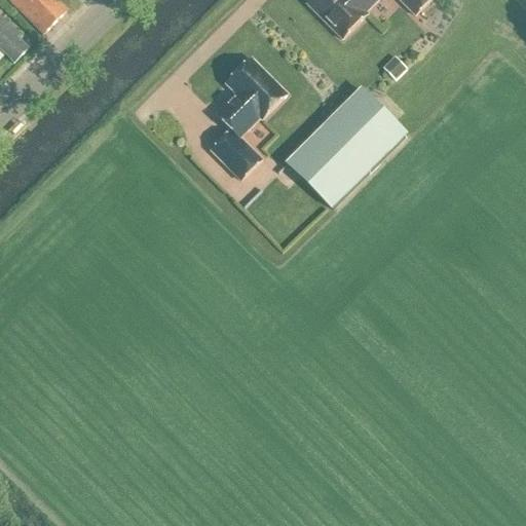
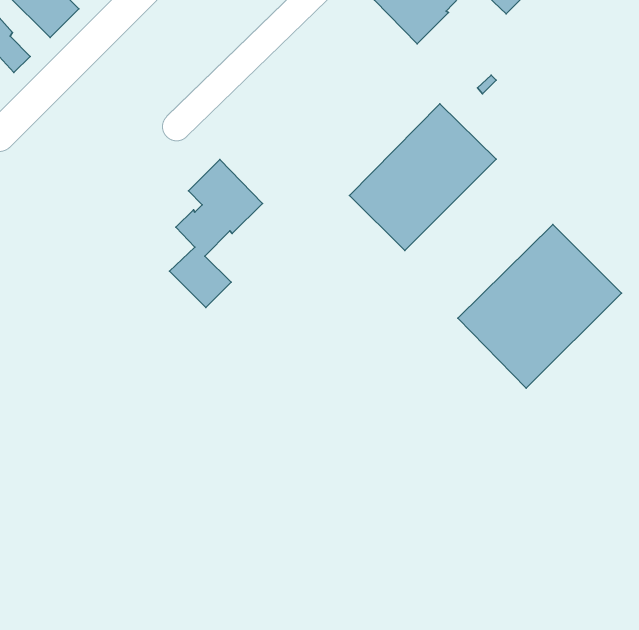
building: [211,55,287,177] -> [170,160,262,307]
building: none -> [458,225,621,388]

